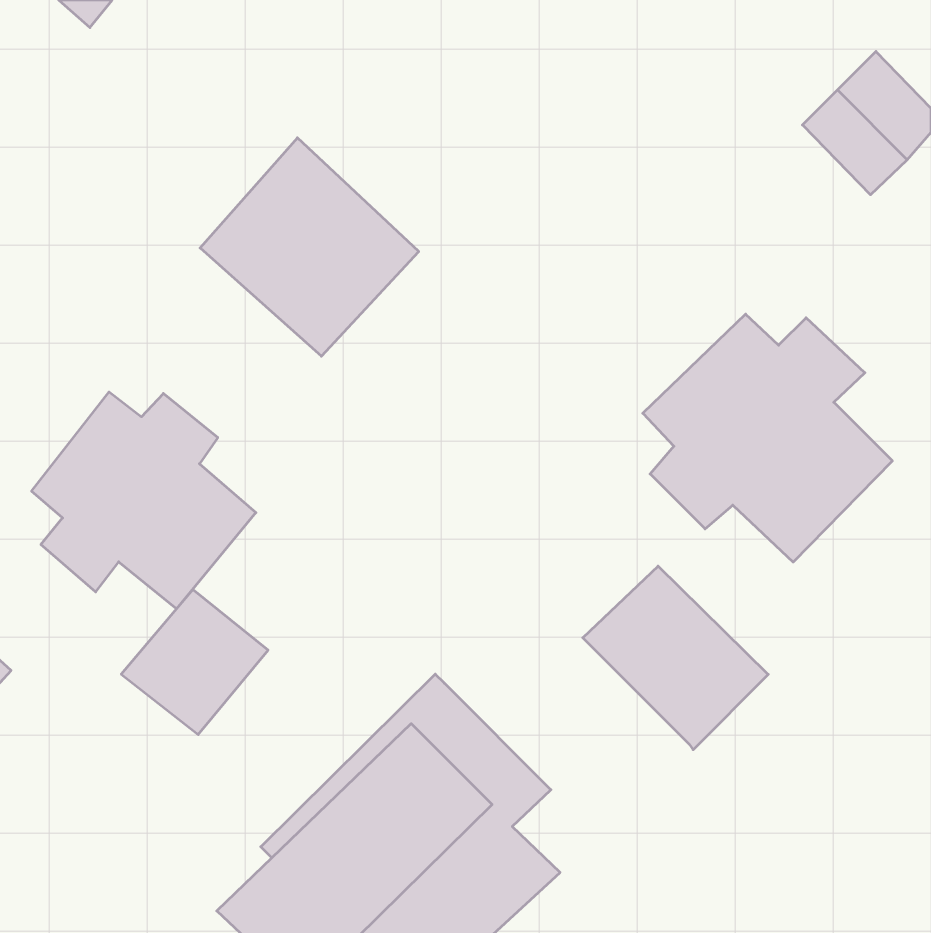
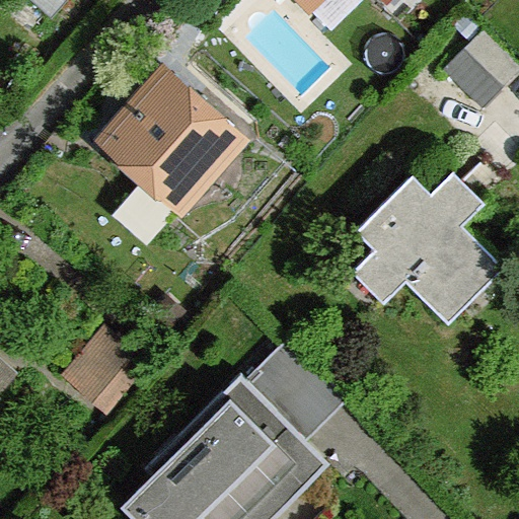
building: [32,392,256,609] -> none
building: [583,566,768,750] -> [245,341,348,442]

